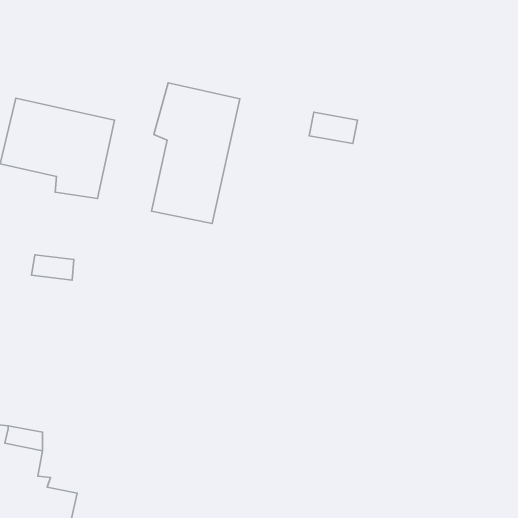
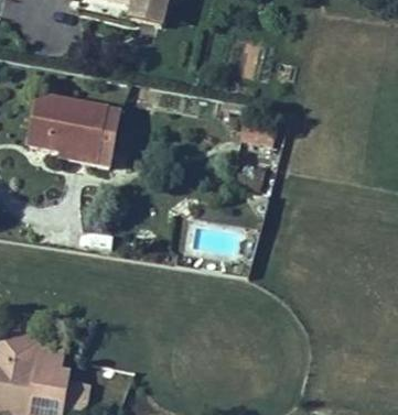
building: [151,83,240,223] -> none

